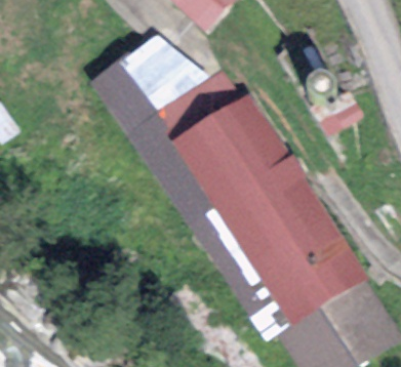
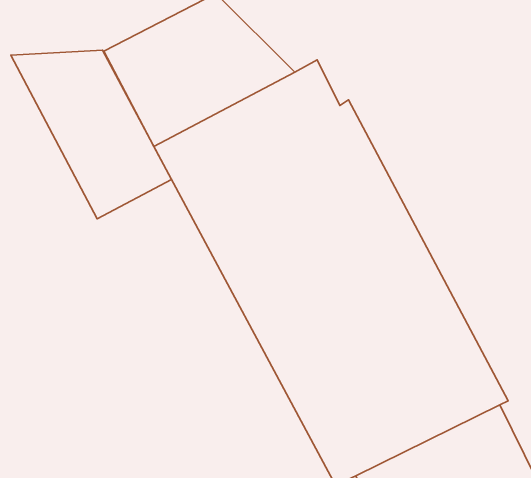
building: none -> [11,50,171,219]

